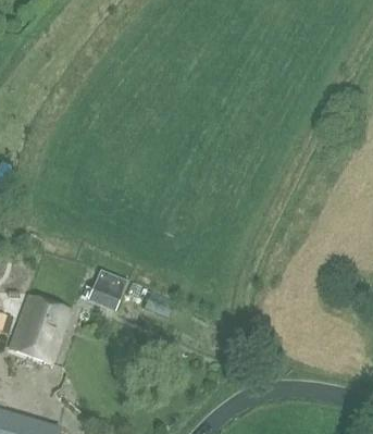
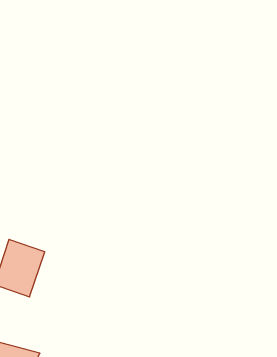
building: [88,270,128,311] -> none

